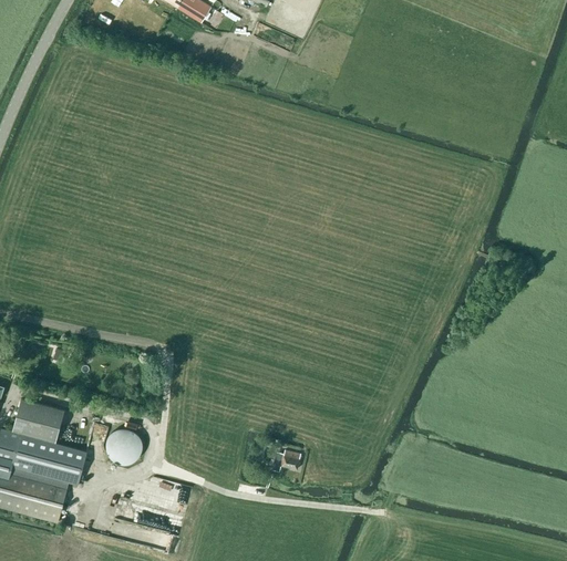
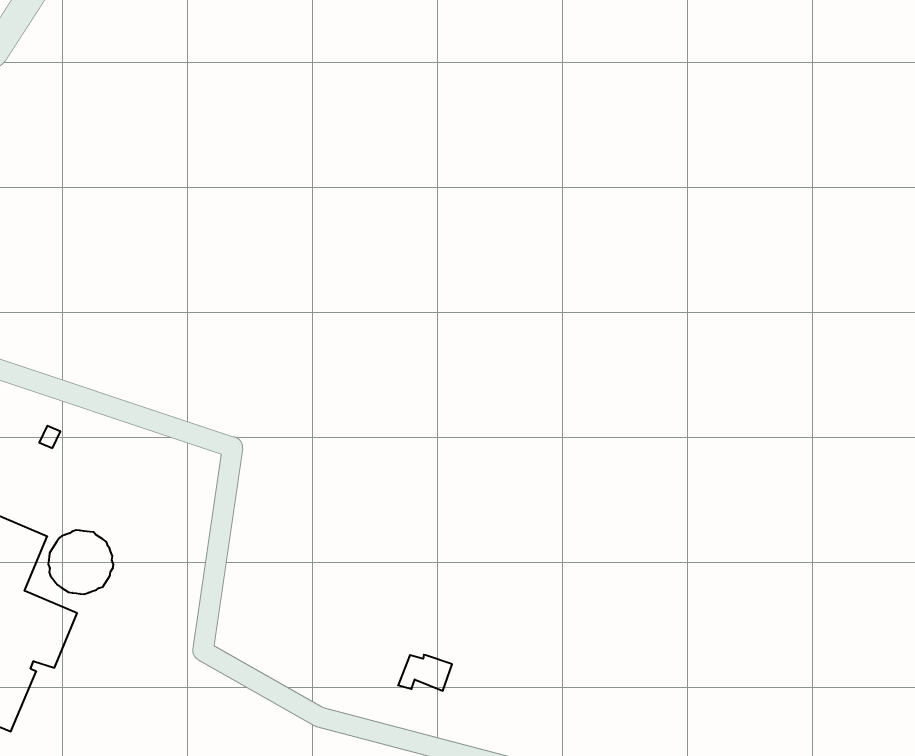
building: [112,426,148,461] -> [48,530,113,594]

